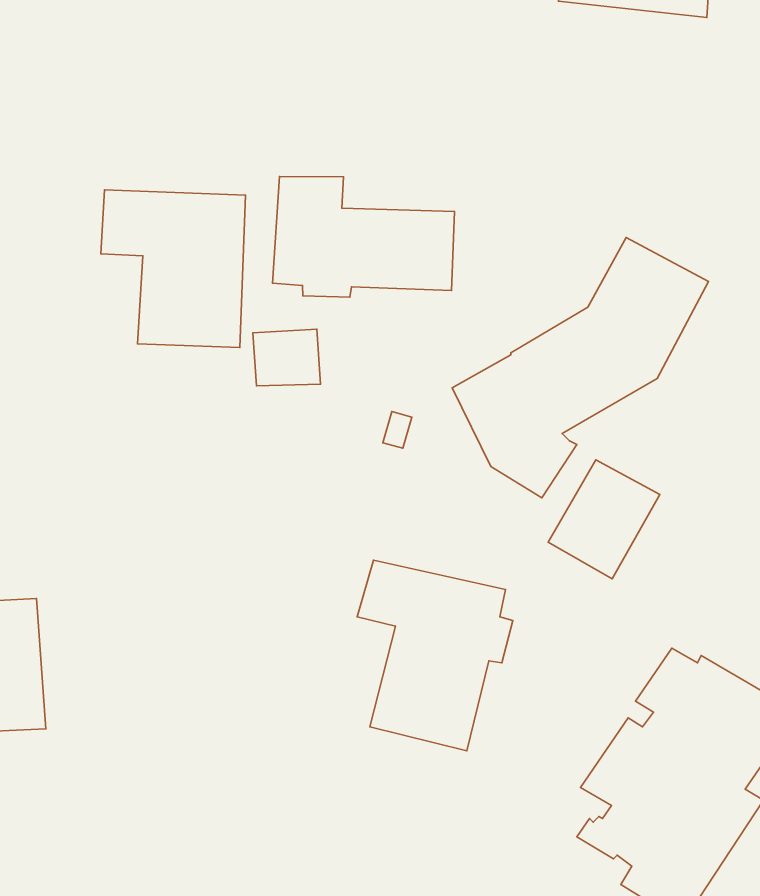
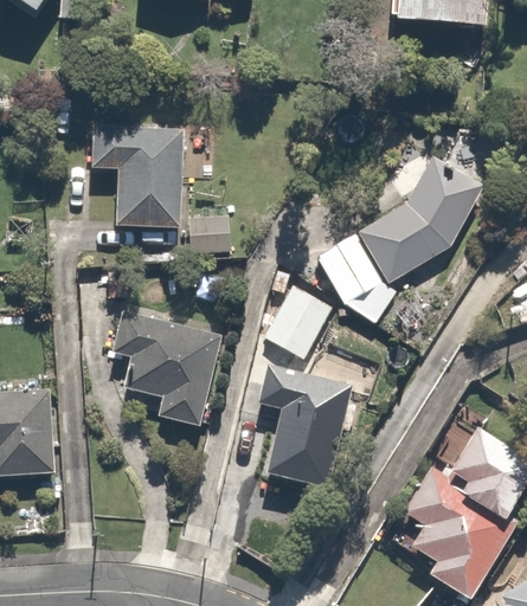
building: [272,176,454,297] -> none
building: [548,460,660,579] -> [263,283,335,360]
building: none -> [110,310,221,426]

